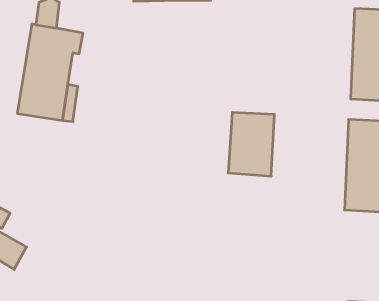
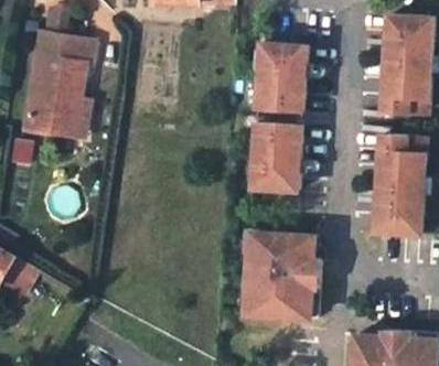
building: none -> [256,49,304,116]
building: none -> [245,238,319,324]

